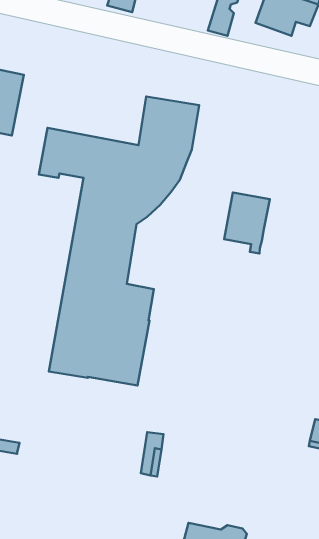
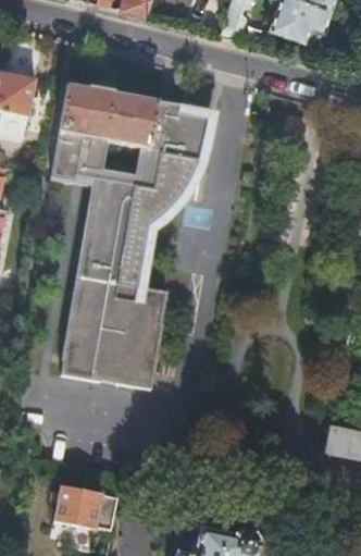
building: none -> [59,84,158,149]
building: [224,192,270,253] -> none
building: none -> [54,485,116,529]

